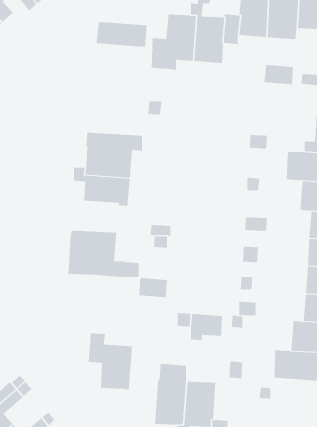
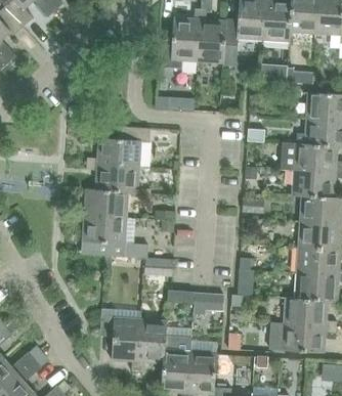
building: [96,21,147,47] -> none
building: none -> [74,187,128,221]
building: none -> [131,320,167,371]

